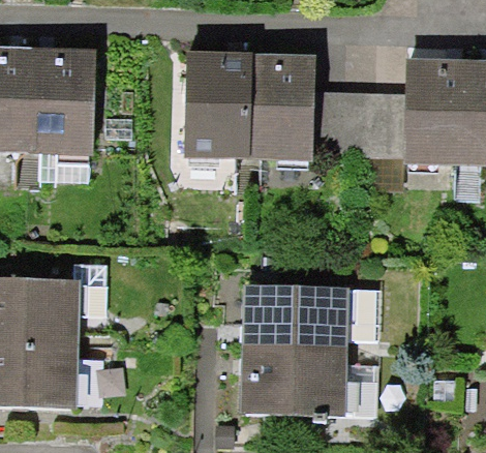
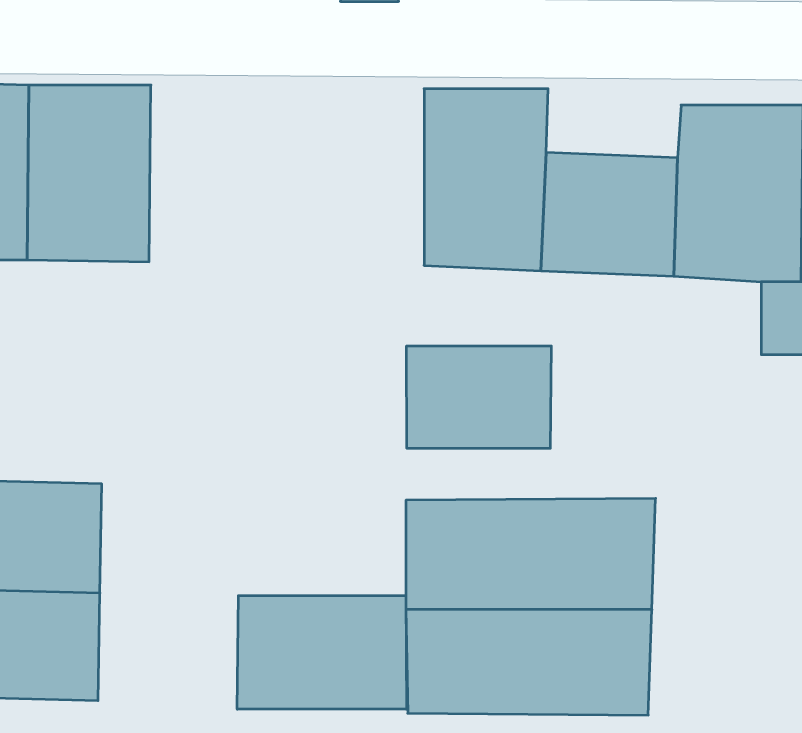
building: [185,53,254,153] -> none
building: none -> [407,346,551,448]
building: none -> [237,596,406,709]

